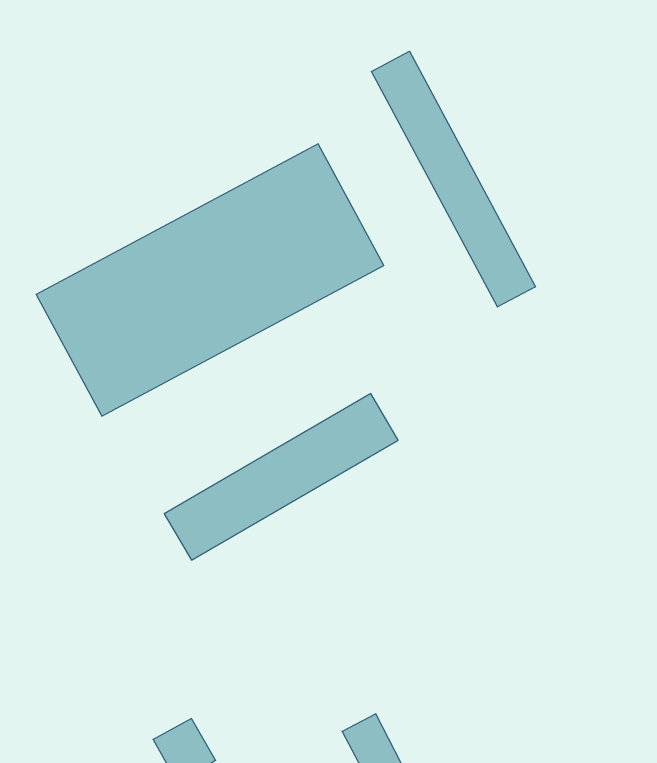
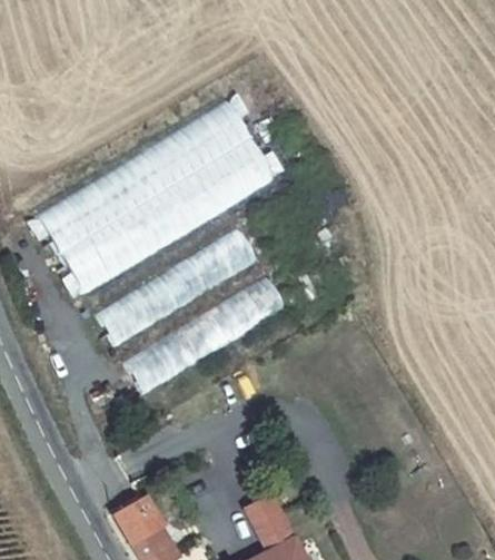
building: [371,51,535,307] -> none
building: none -> [96,233,259,340]

